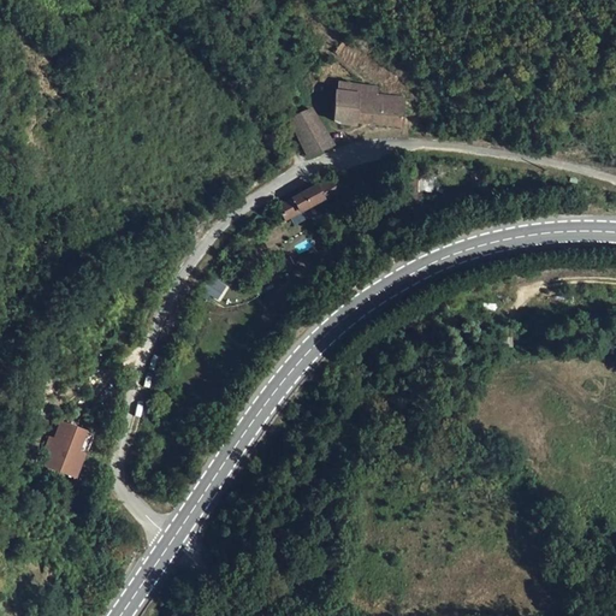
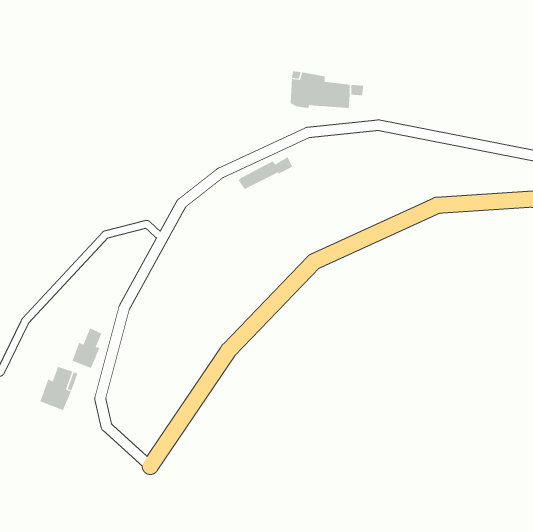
building: [291,108,333,155] -> none
building: none -> [72,328,102,369]

